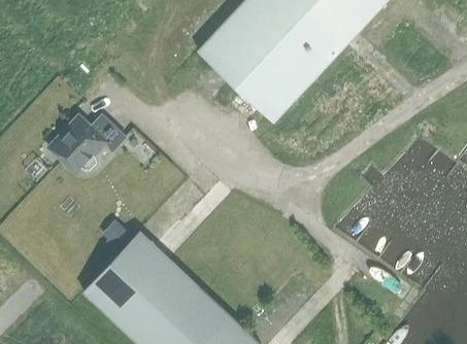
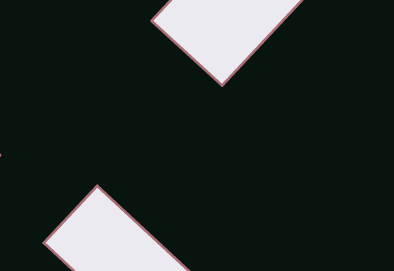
building: [48,116,123,174] -> none

